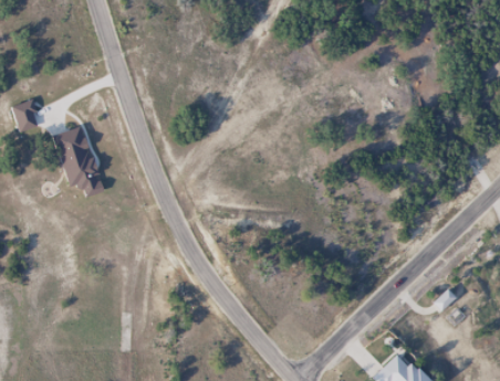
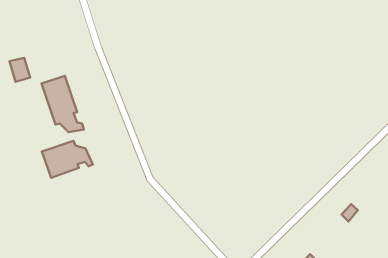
building: none -> [42,141,93,178]

